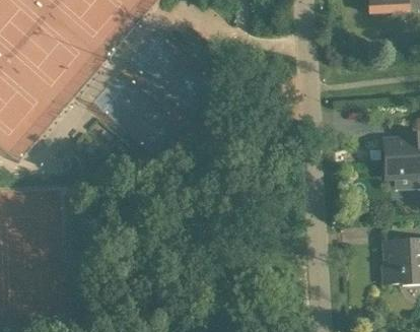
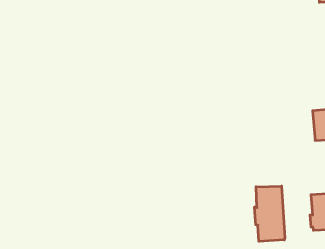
building: none -> [255,186,285,241]

